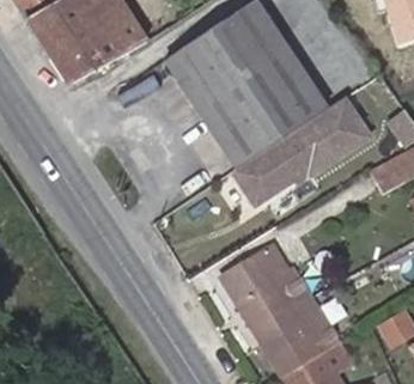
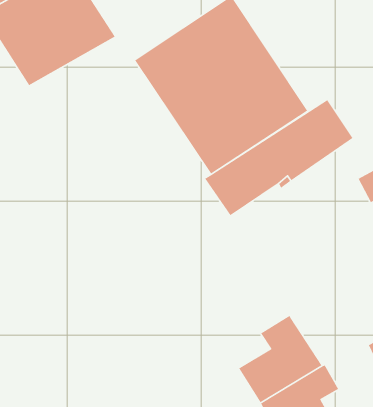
building: [220,244,309,345] -> none

